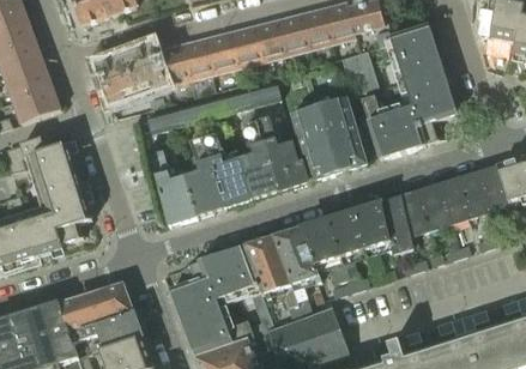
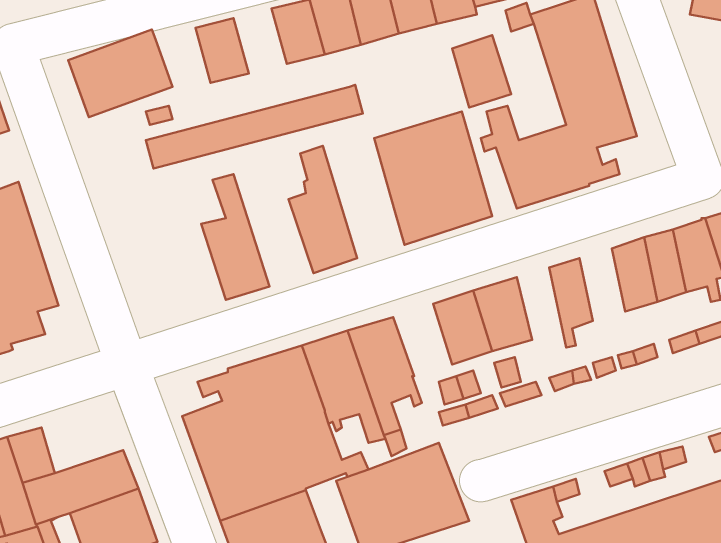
building: [201,31,235,72] -> none
building: [152,43,187,84] -> none
building: [258,114,309,188] -> none
building: [201,132,252,206] -> none
building: [149,149,197,224] -> none
building: [419,182,448,228] -> none
building: [380,194,411,252] -> none
building: [302,217,339,262] -> none
building: [80,280,132,323] -> none

